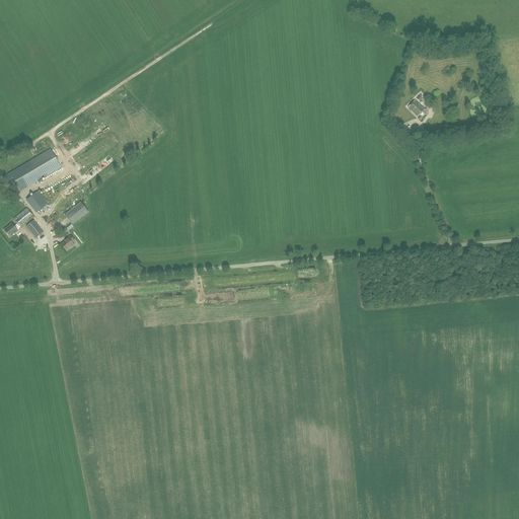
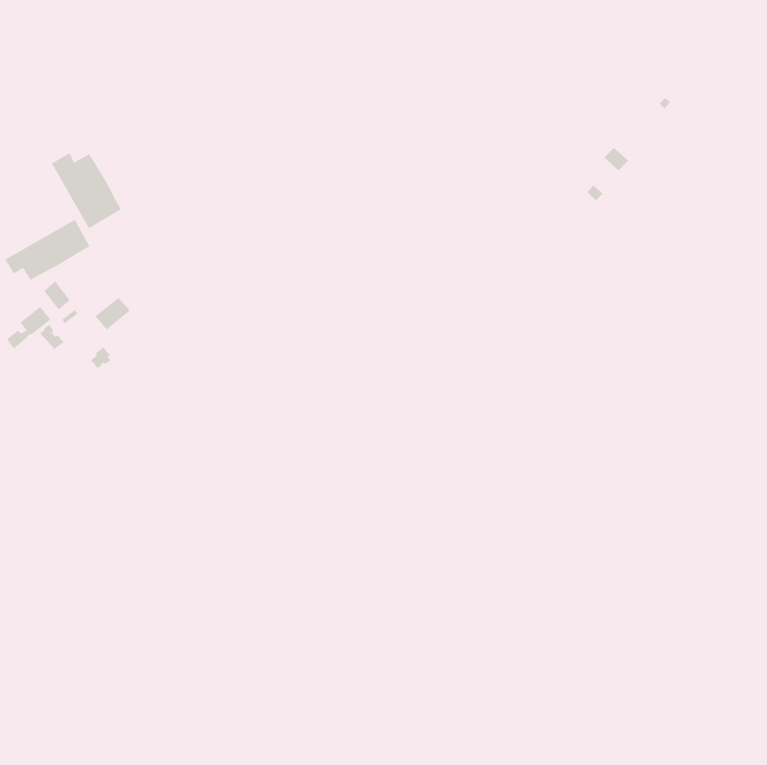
building: none -> [51,153,122,229]

